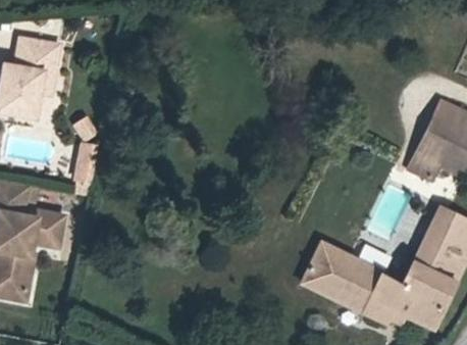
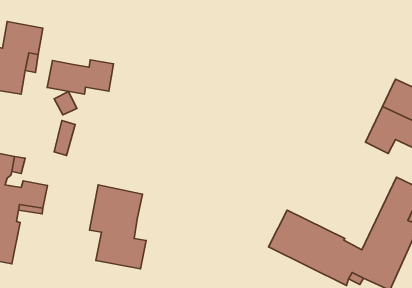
building: none -> [47,60,113,94]
building: none -> [90,185,146,269]

